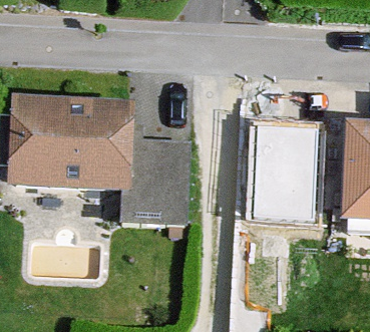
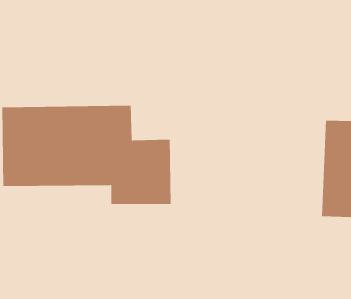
building: [244,127,313,205] -> none

